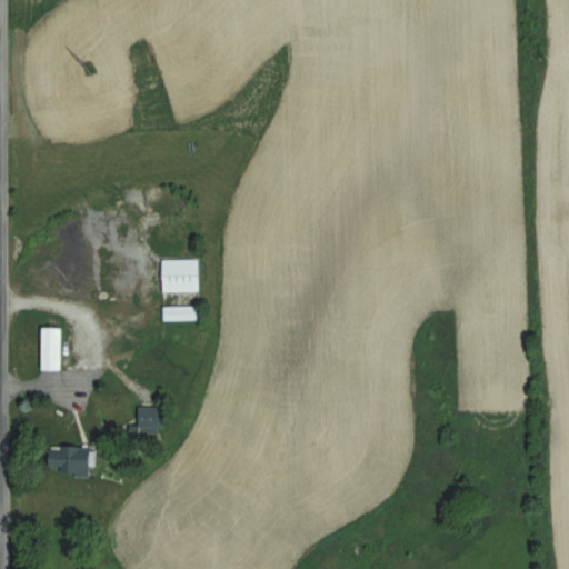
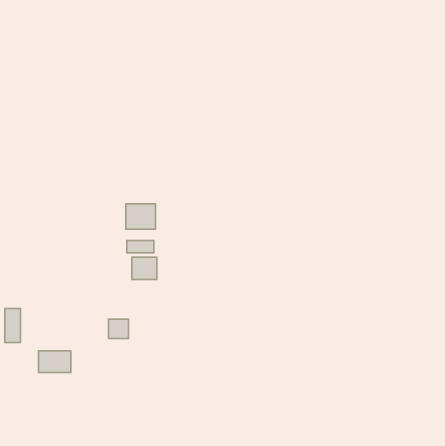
building: [40,328,60,371] -> [5,308,21,343]
building: none -> [132,257,157,279]

